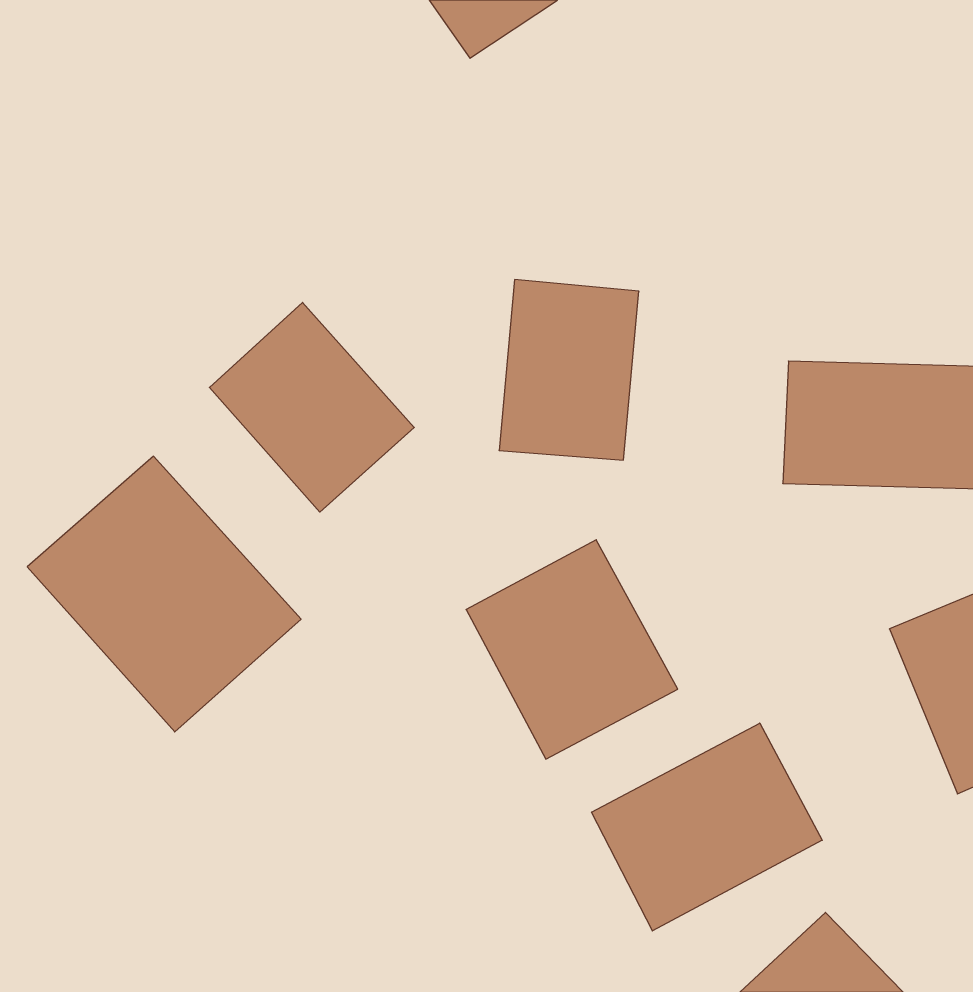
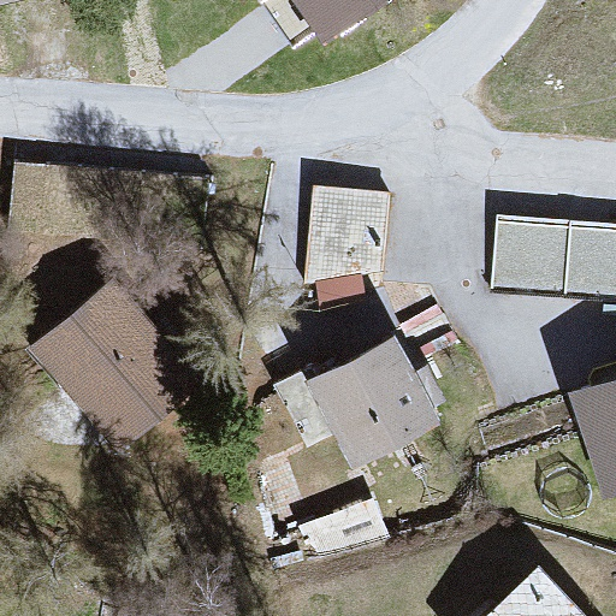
building: [209,302,414,512] -> none
building: [592,723,822,931] -> none

